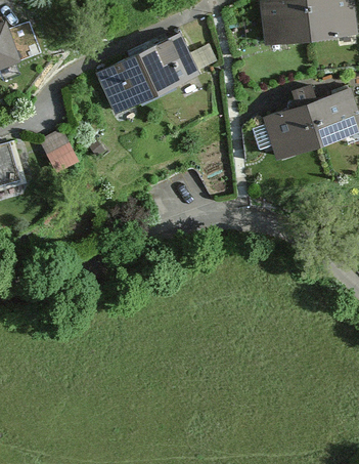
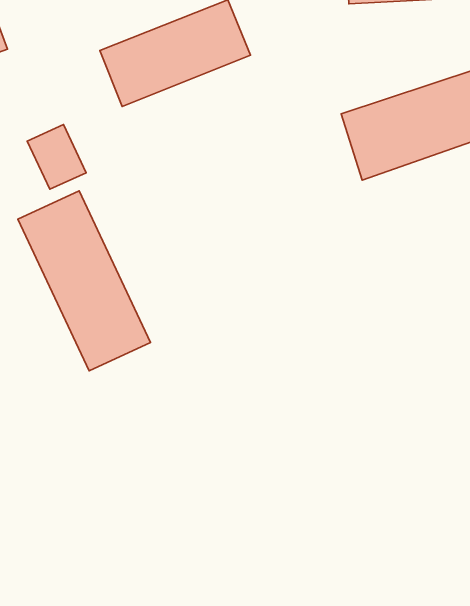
building: none -> [18,191,151,371]

